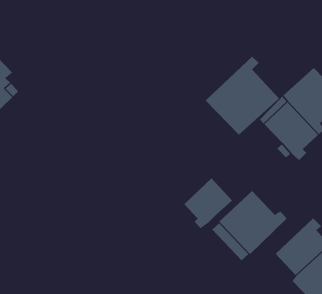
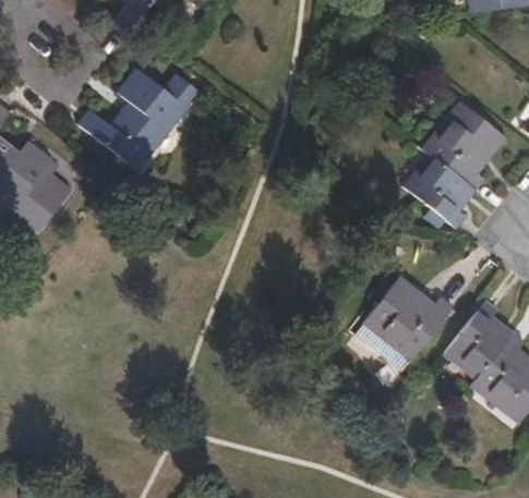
building: none -> [76,69,199,172]
building: [205,56,280,136] -> none
building: [183,178,233,229] -> none

